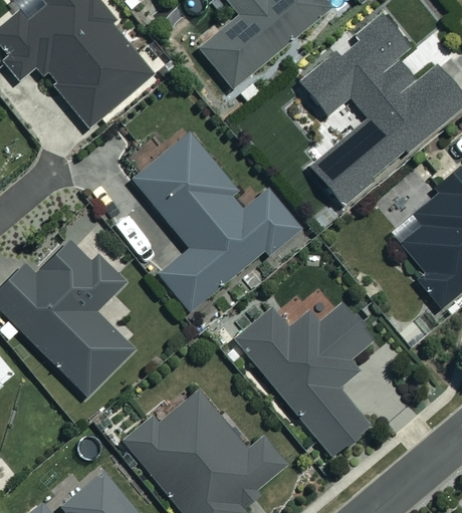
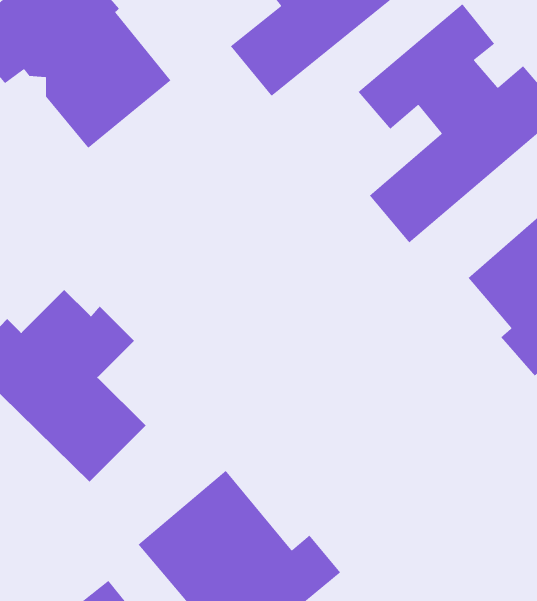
building: [131,130,300,310] -> none
building: [236,300,373,454] -> none

